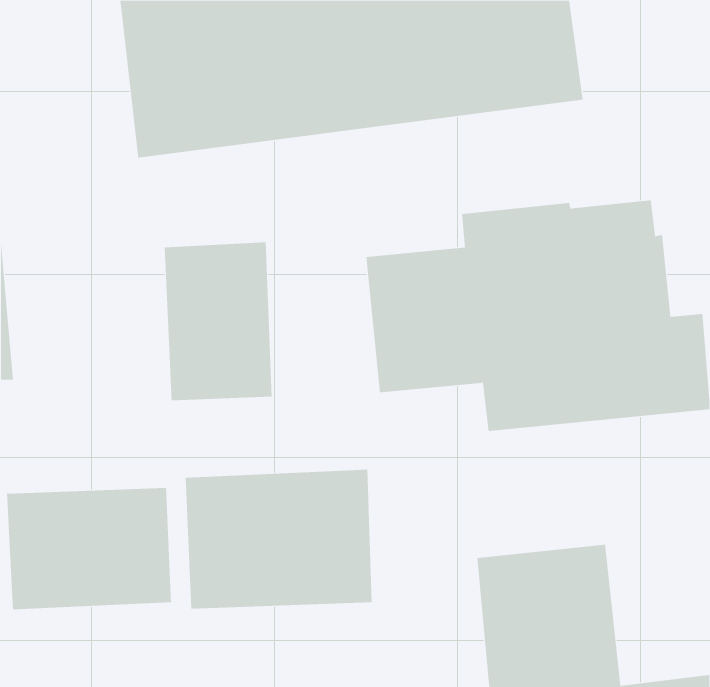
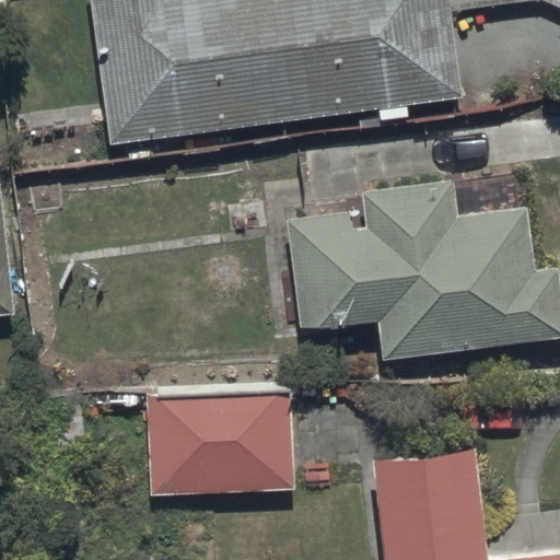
building: [164,241,272,401] -> none
building: [6,487,171,610] -> none

